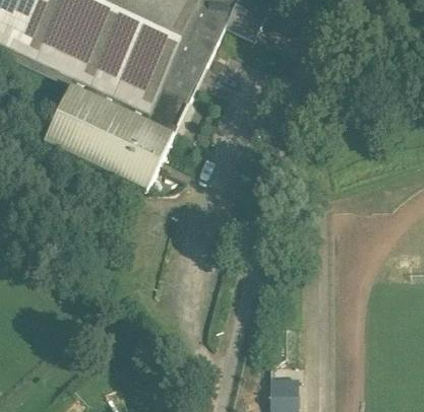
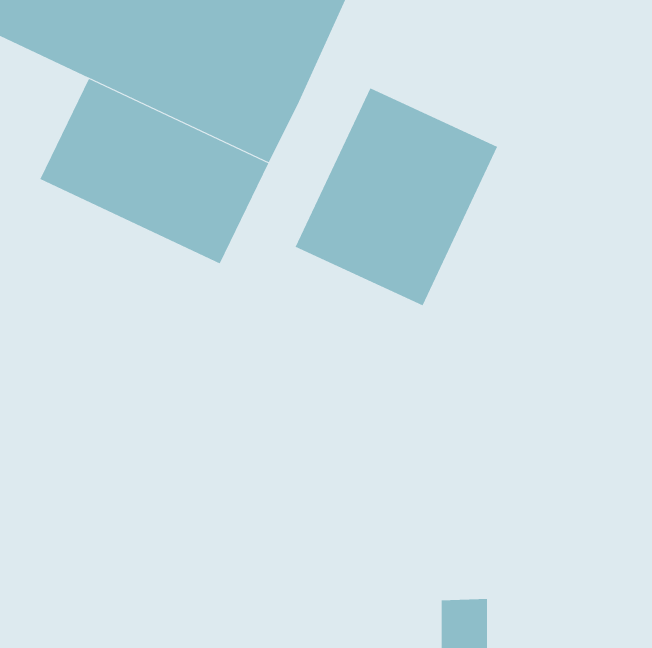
building: none -> [295,87,498,306]

